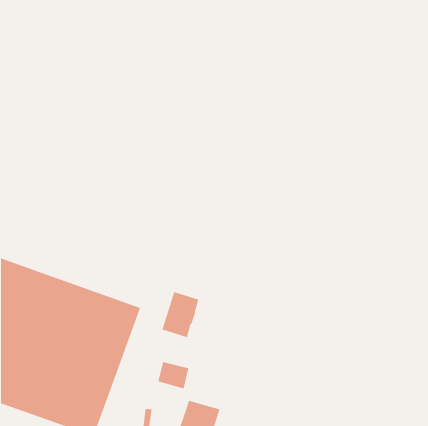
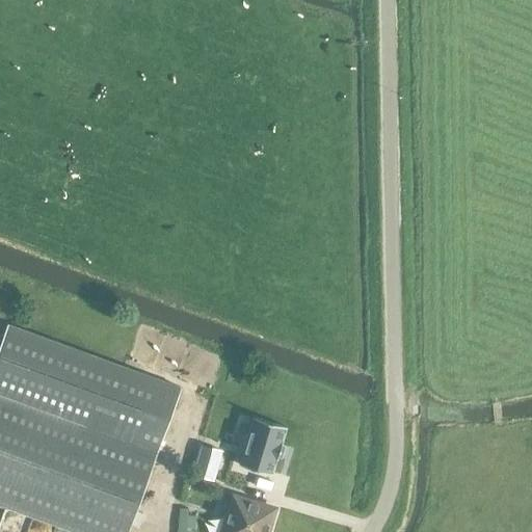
building: [161,291,200,338] -> [239,418,287,476]

